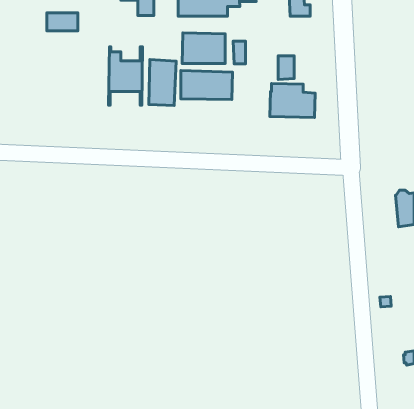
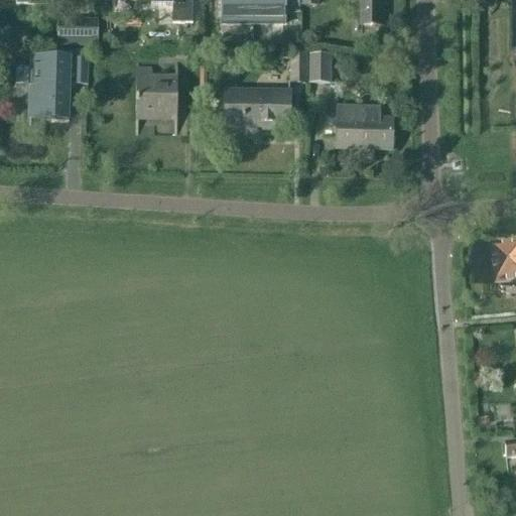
building: [182,33,225,64] -> none
building: none -> [15,53,88,122]
building: [278,56,294,79] -> [309,50,330,80]
building: [149,60,176,105] -> none

